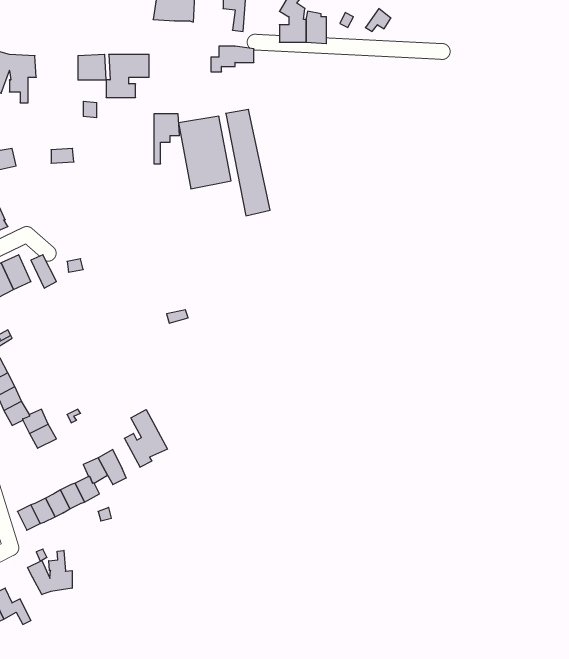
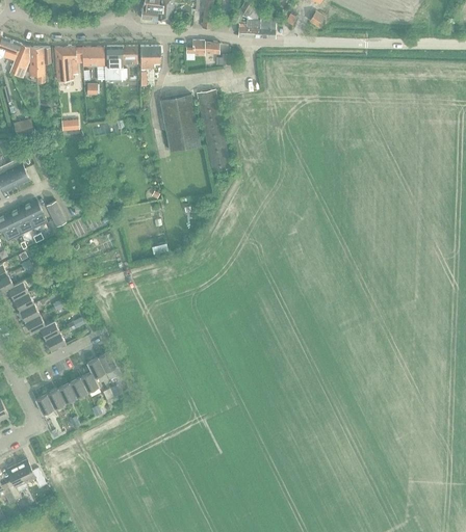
building: none -> [53,47,81,80]
building: [154,114,179,164] -> [139,46,159,84]
building: [124,410,167,467] -> none
building: [28,550,72,595] -> none

